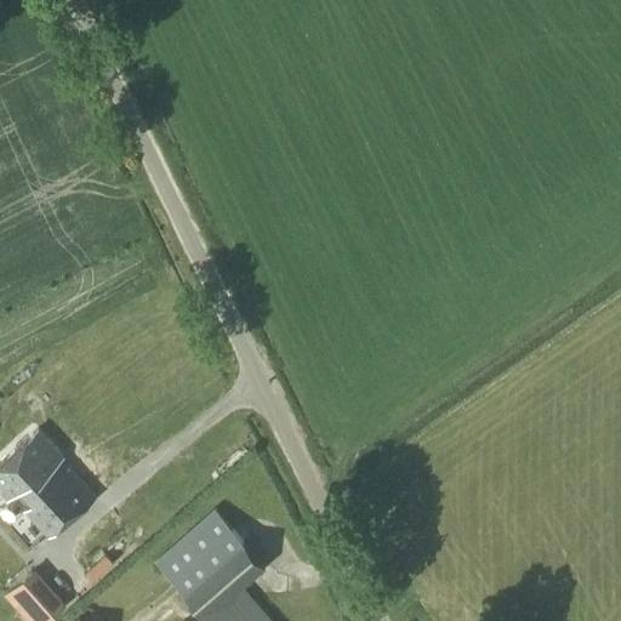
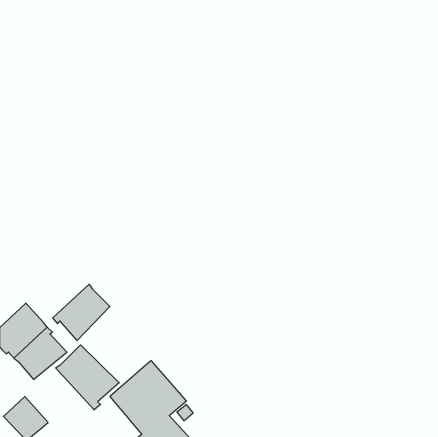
building: none -> [53,284,110,340]
building: none -> [56,345,119,410]

